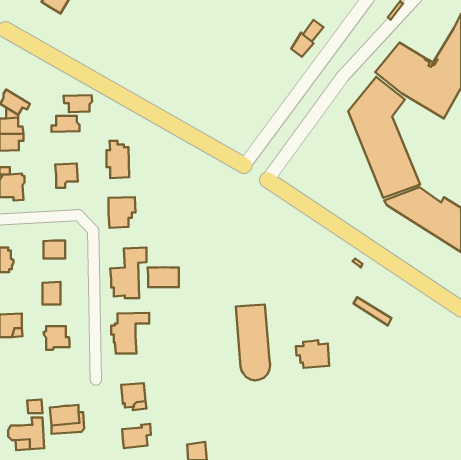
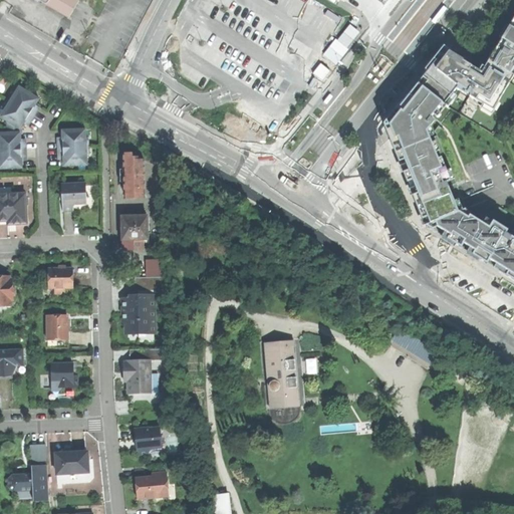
building: none -> [7,85,38,115]
building: [63,95,92,112] -> [57,146,89,165]
building: [147,267,179,287] -> none
building: [296,340,329,368] -> none

